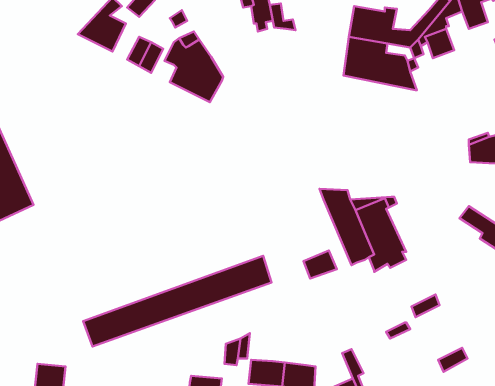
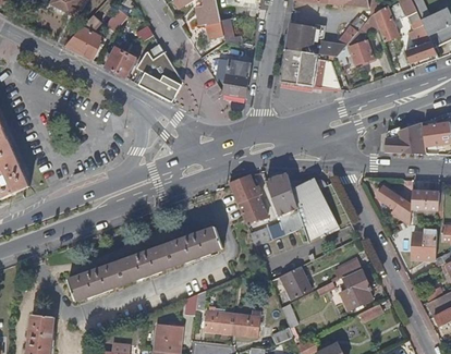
building: none -> [223,63,251,96]
building: none -> [229,174,266,222]
building: none -> [280,266,309,297]
building: none -> [340,270,371,308]

